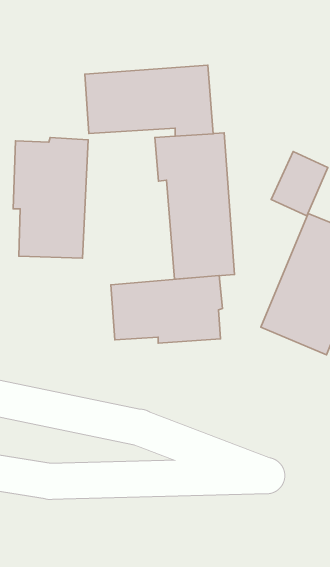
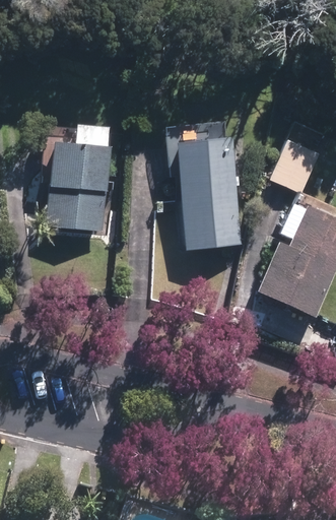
building: [85,65,213,136] -> none
building: [111,276,223,343] -> none

